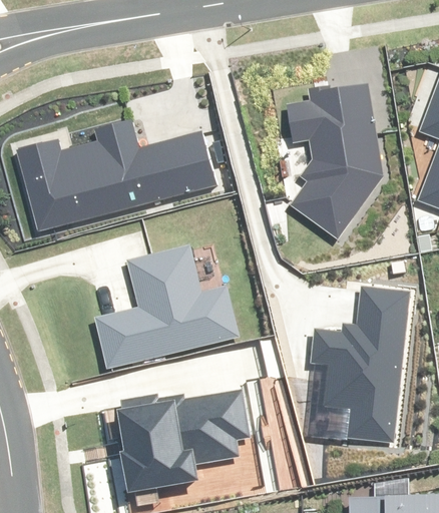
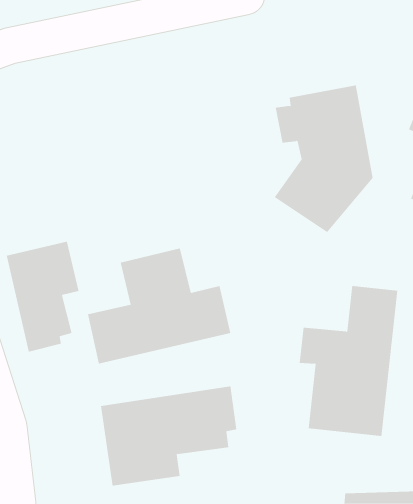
building: [14,124,221,226] -> none
building: none -> [6,241,79,352]

